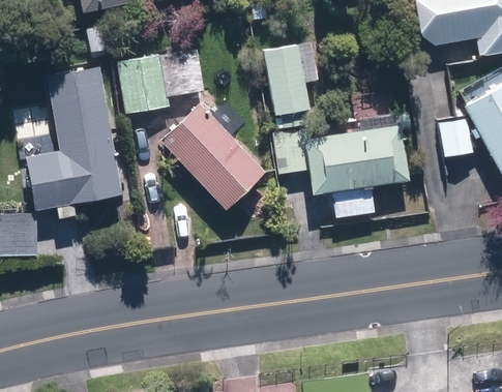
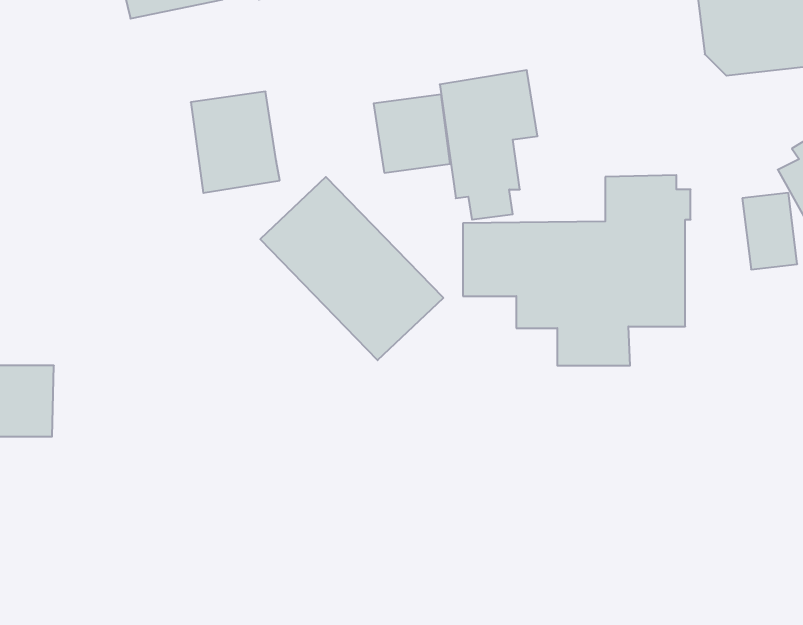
building: [163,50,207,95] -> [374,94,450,173]
building: [27,68,122,210] -> none

